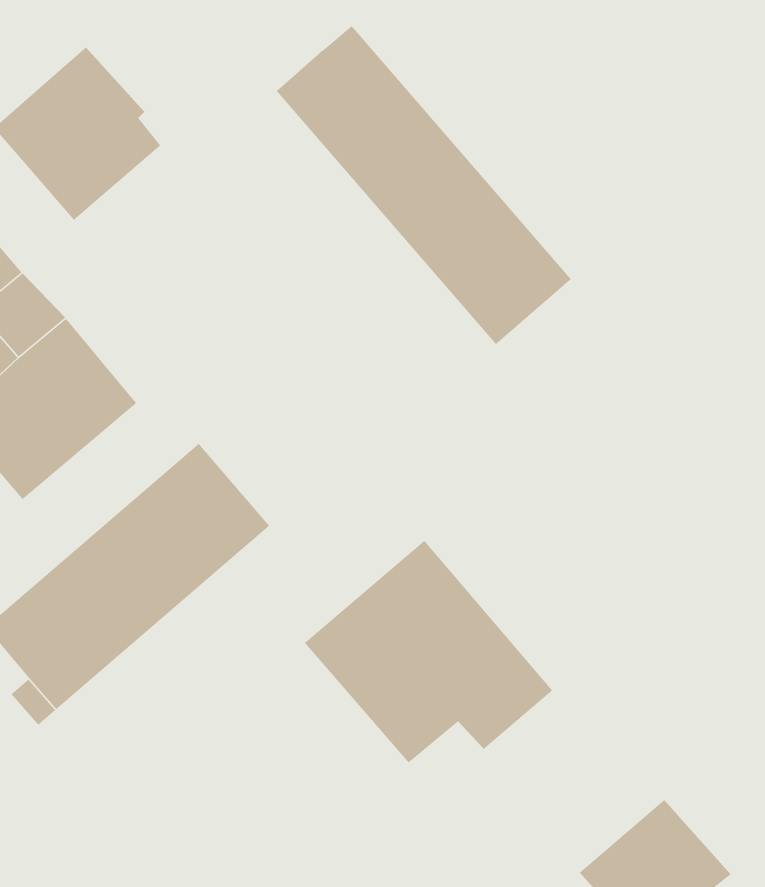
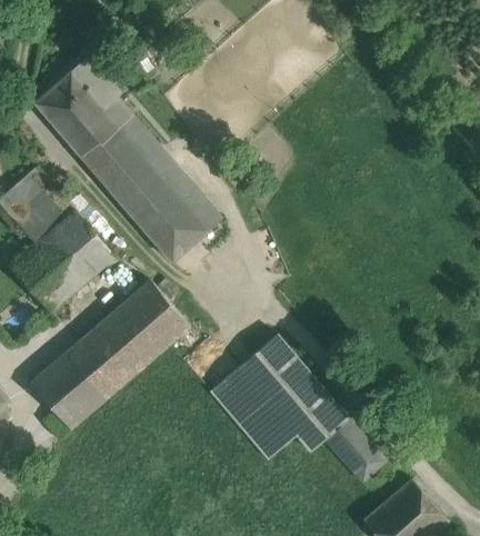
building: [276,25,572,345] -> none
building: none -> [80,112,221,261]
building: none -> [324,418,384,480]

